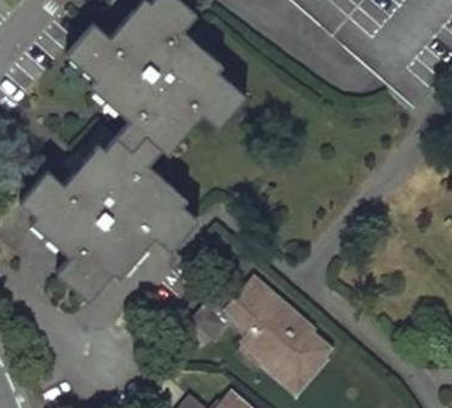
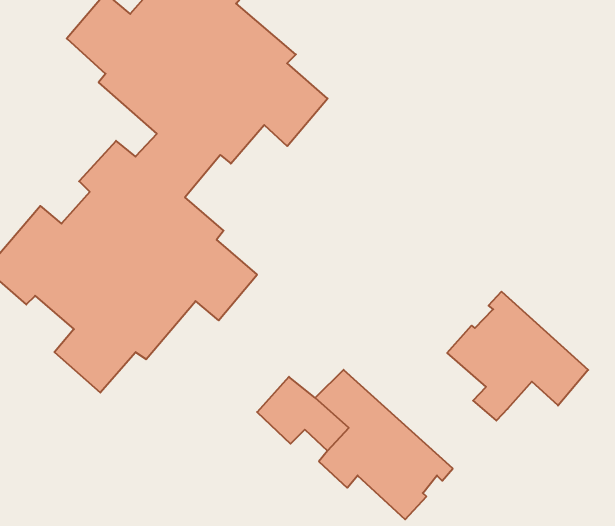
building: none -> [447,292,588,421]

